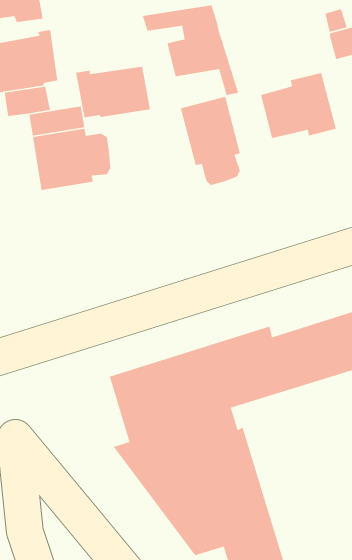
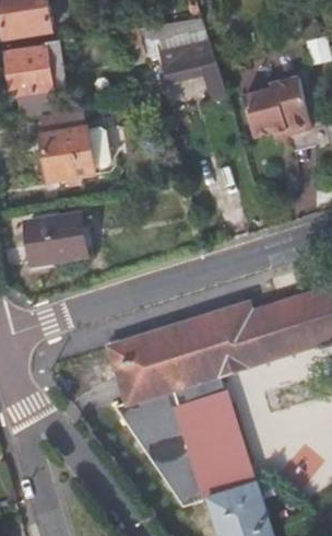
building: [75,66,151,118] -> none
building: [180,96,241,186] -> none
building: none -> [28,213,87,266]

